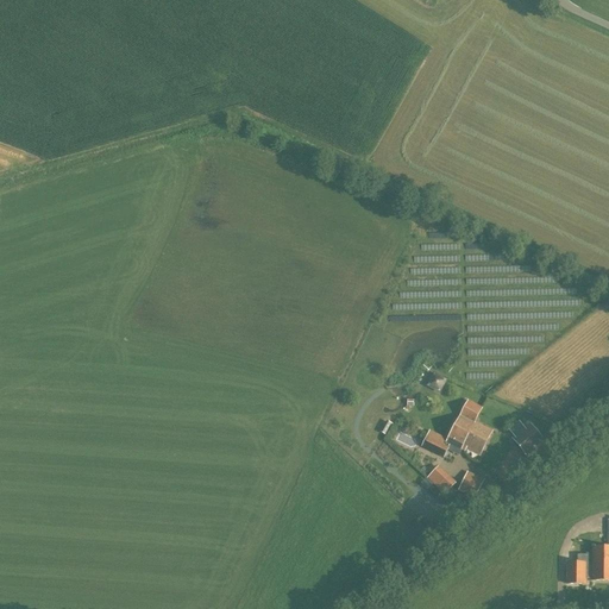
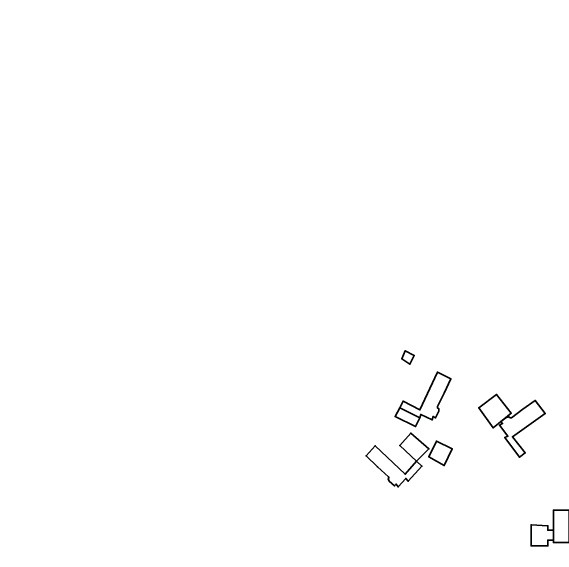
building: [465,420,492,453] -> none
building: none -> [500,400,545,457]
building: none -> [366,446,422,487]

